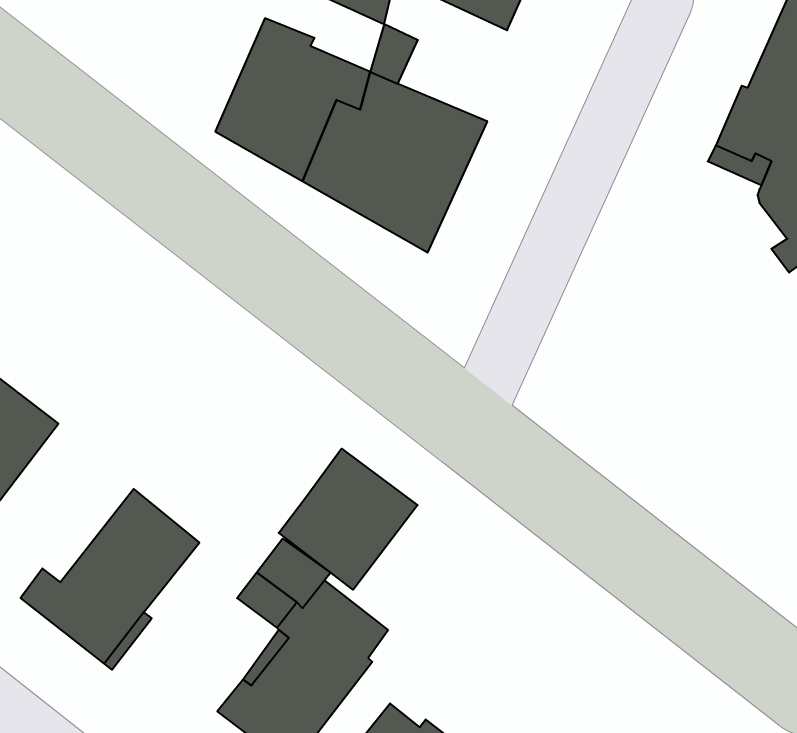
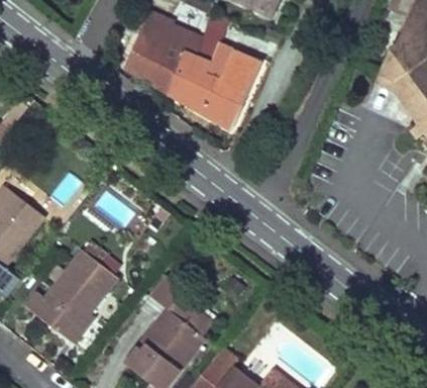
building: [279,449,418,590] -> none

